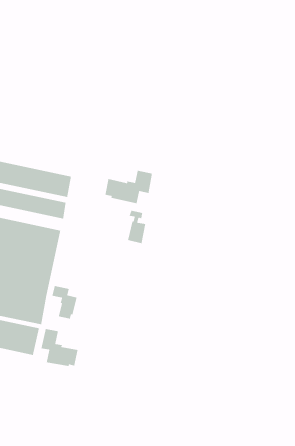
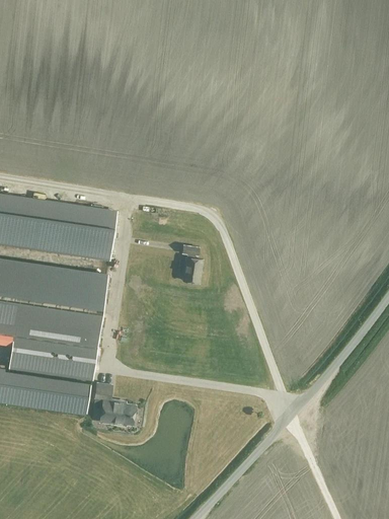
building: [104,170,153,204] -> none
building: [52,285,78,320] -> none

